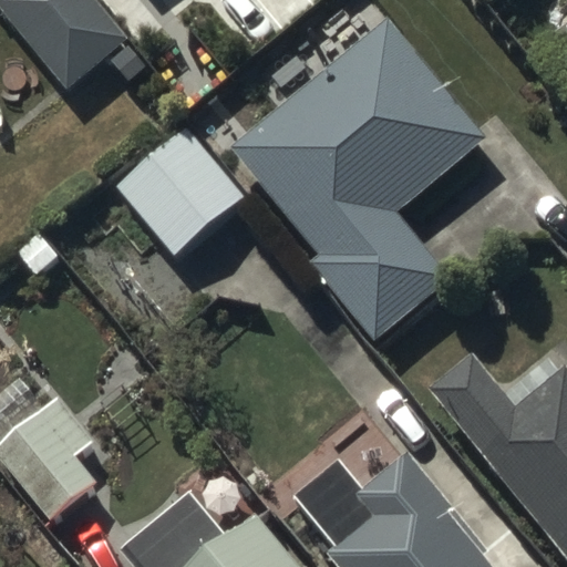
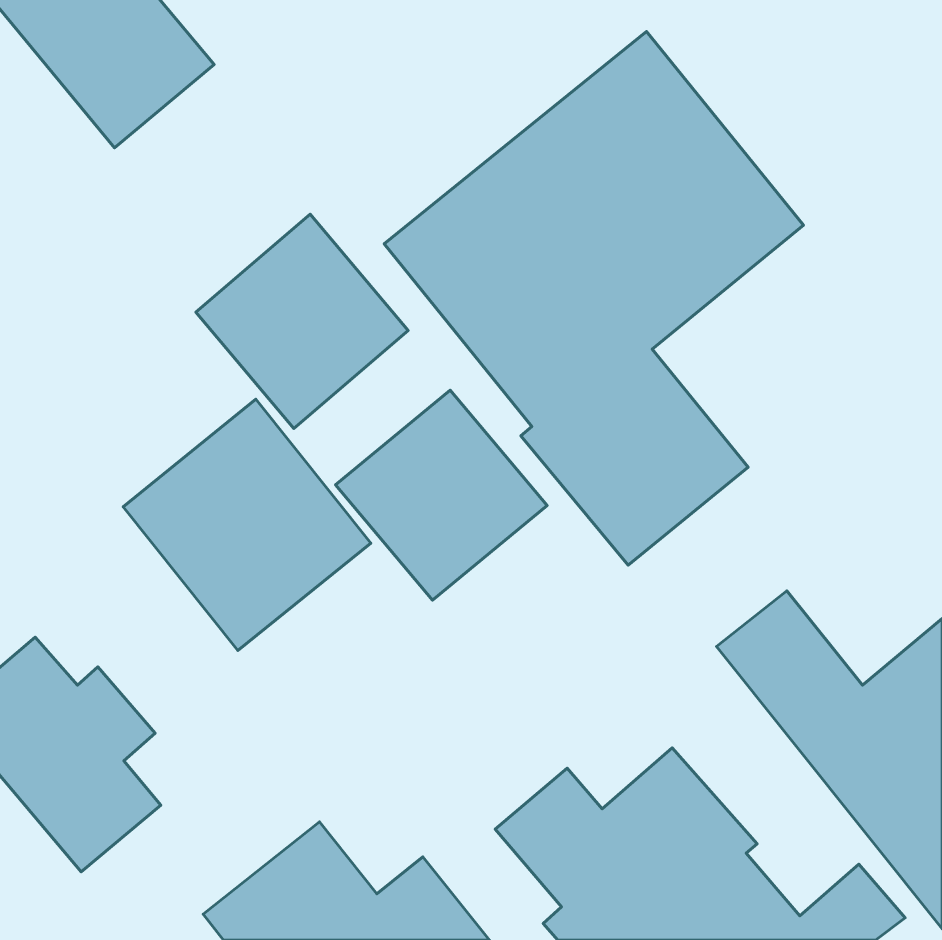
building: none -> [335,390,547,600]
building: none -> [123,399,371,651]

